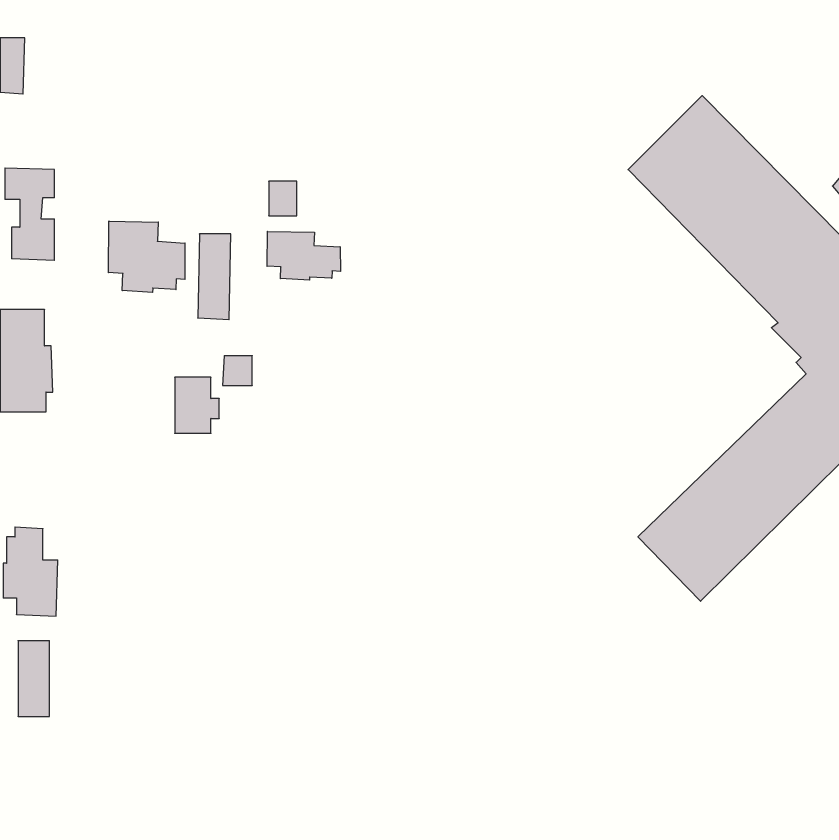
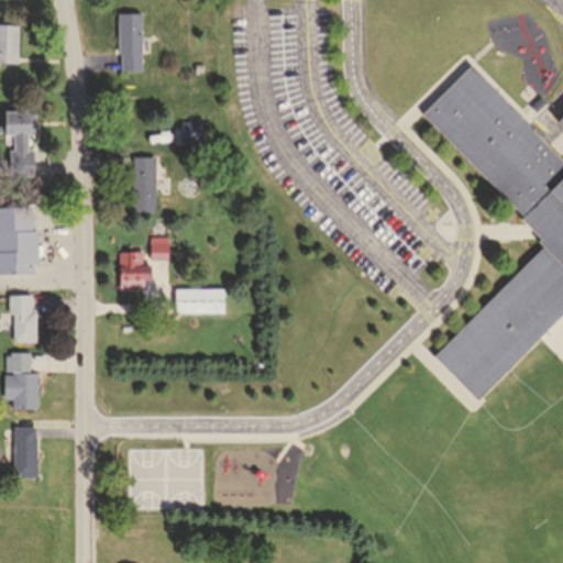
building: none -> [118,13,142,70]
building: [108,221,185,292] -> none
building: [267,231,340,280] -> none
building: none -> [177,288,225,313]
building: none -> [9,296,38,342]

